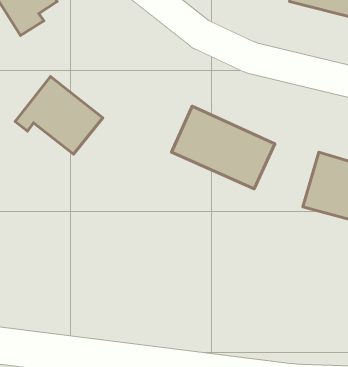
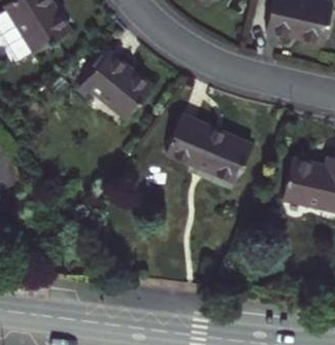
building: [15,76,103,154] -> [76,50,150,116]

